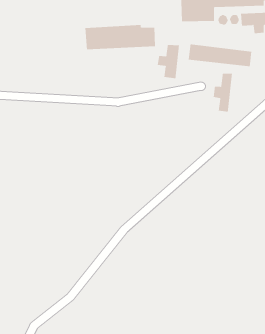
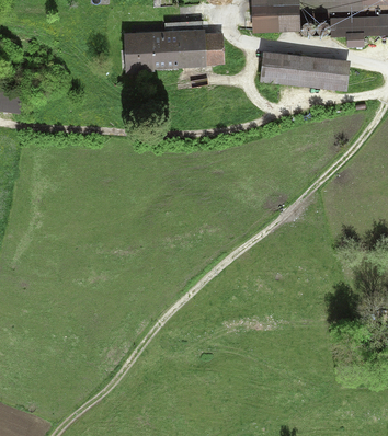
building: [157,44,179,79] -> none
building: [213,73,232,113] -> none

